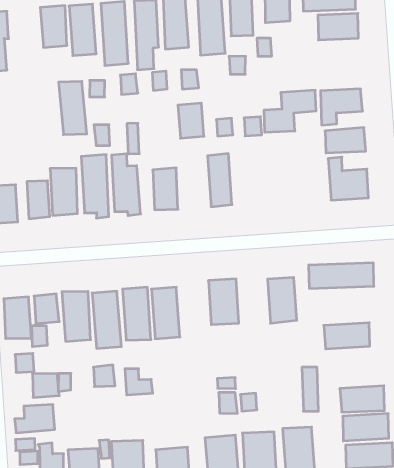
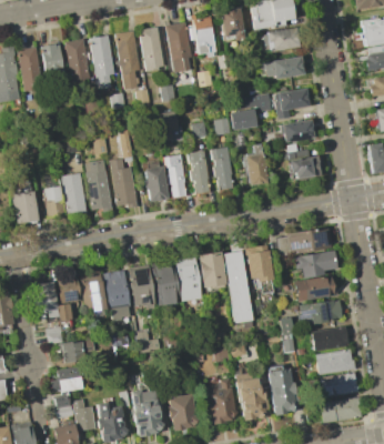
building: none -> [260,56,304,81]
building: [59,81,87,135] -> [17,47,43,91]
building: none -> [212,147,233,190]
building: none -> [243,144,267,185]
building: none -> [164,154,185,198]
building: none -> [223,251,253,323]
building: none -> [176,256,202,301]
building: none -> [293,251,335,276]
building: none -> [296,300,341,325]

